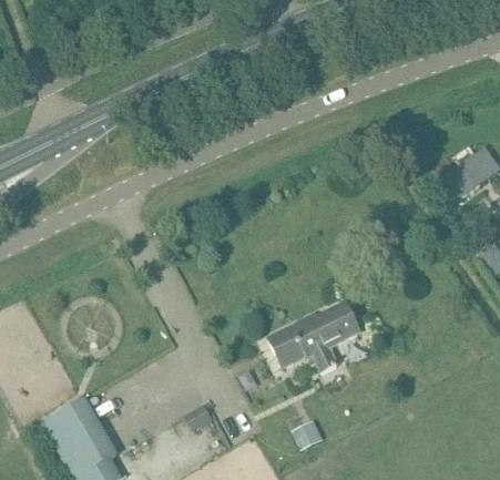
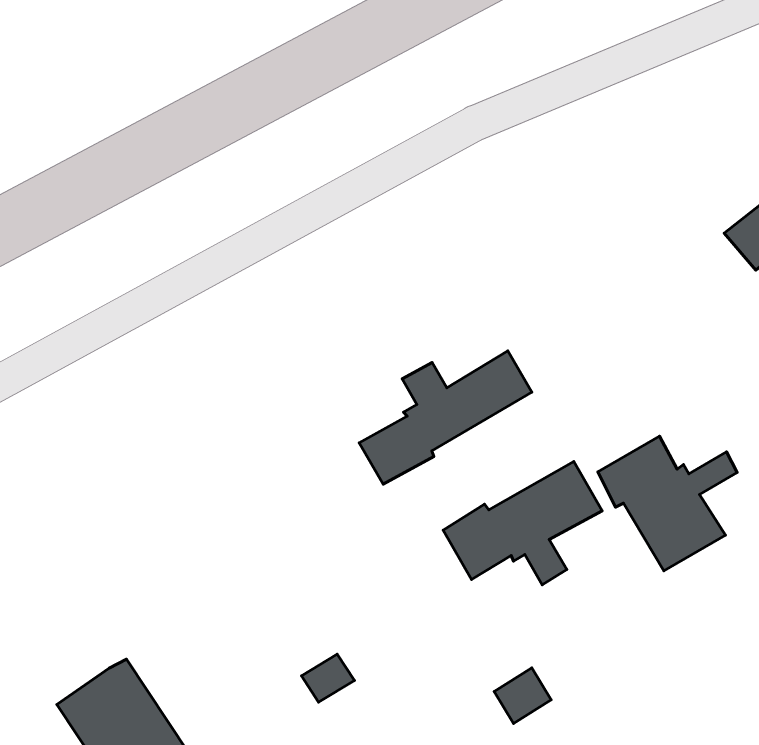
building: none -> [359,351,532,484]
building: none -> [598,436,737,571]

